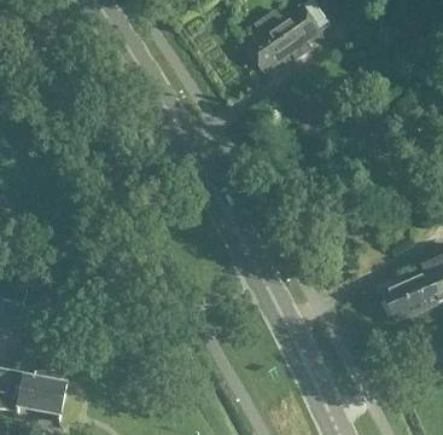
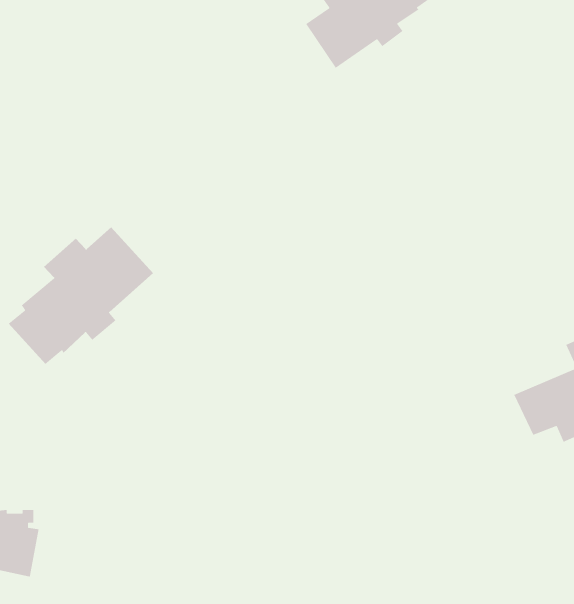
building: none -> [8,226,154,365]

